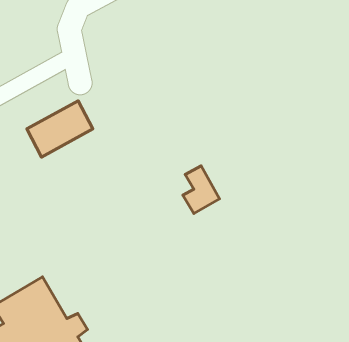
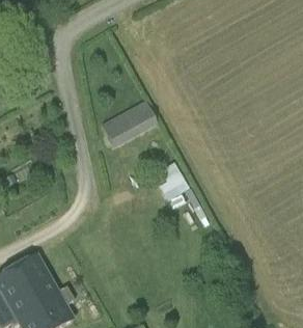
building: [27,101,93,157] -> [103,98,159,145]

